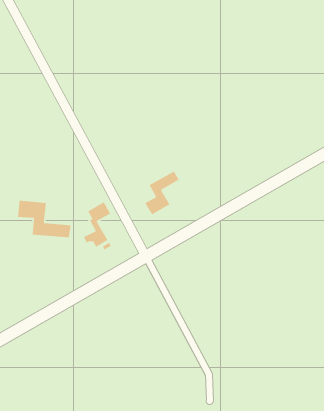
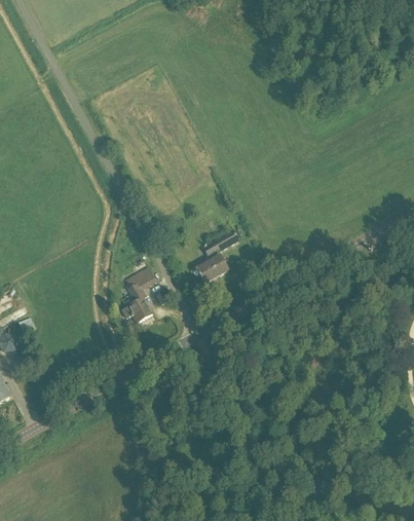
building: [17,200,71,238] -> none

